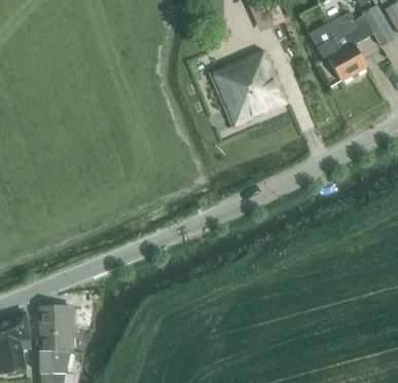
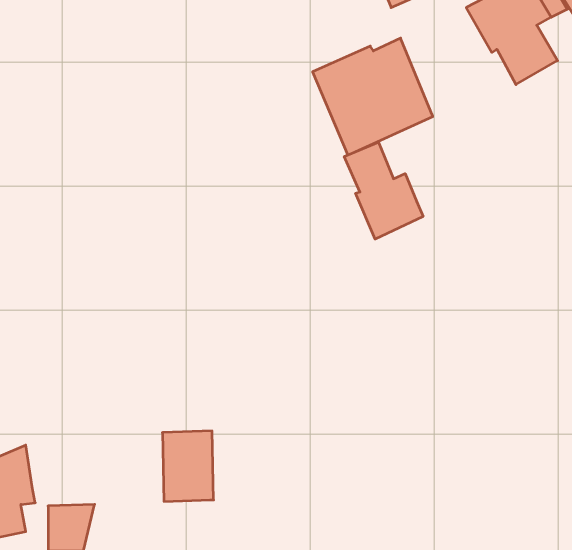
building: none -> [344,142,423,239]
building: [39,307,72,352] -> [162,431,214,501]

